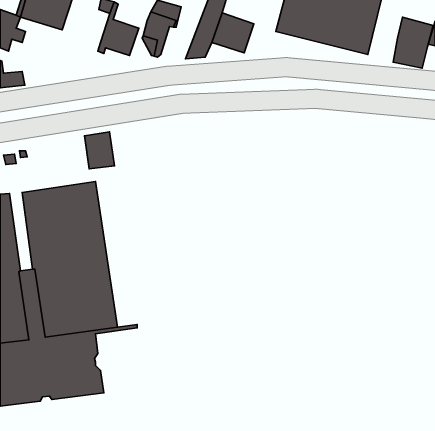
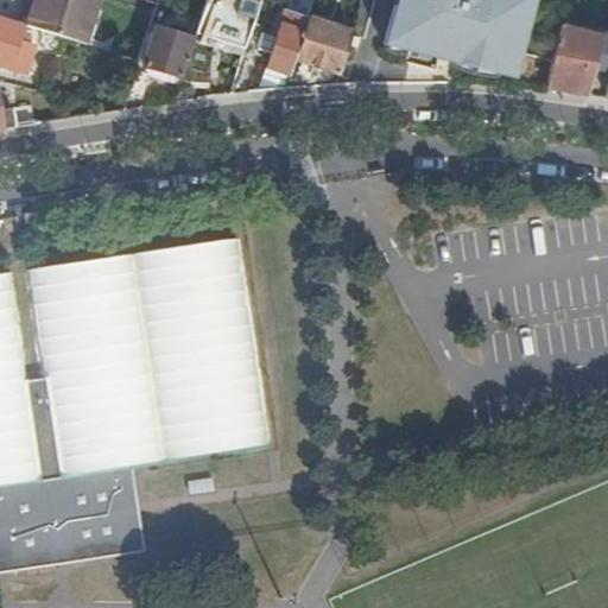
building: [84,132,115,169] -> none
building: none -> [133,238,271,456]

